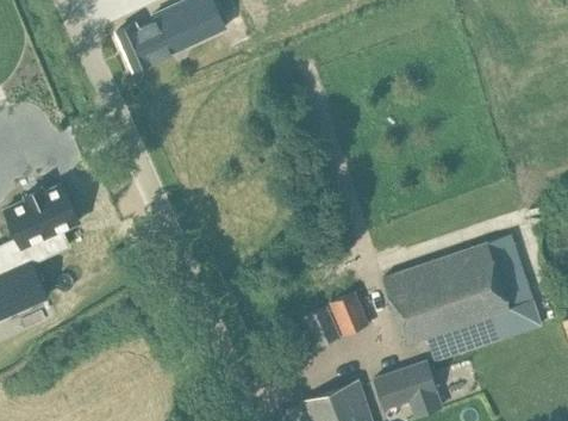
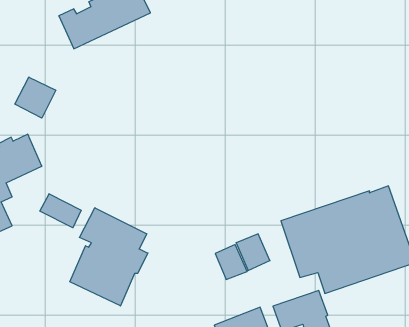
building: none -> [15,77,56,118]
building: none -> [40,194,81,228]
building: none -> [70,208,148,306]

